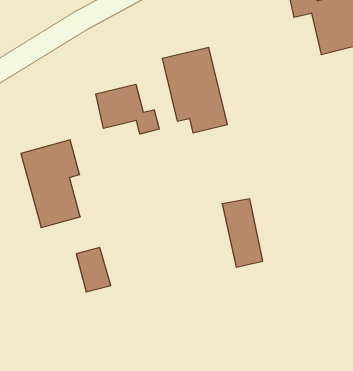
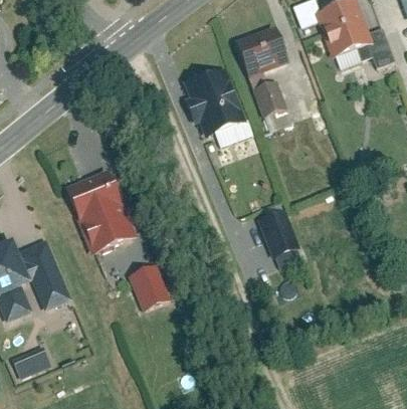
building: none -> [235,27,289,119]
building: [96,84,159,134] -> none

